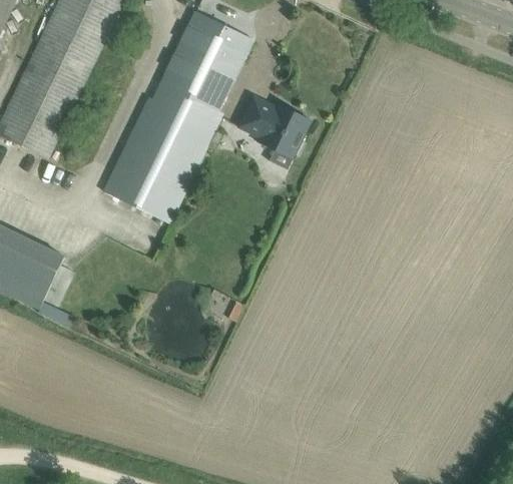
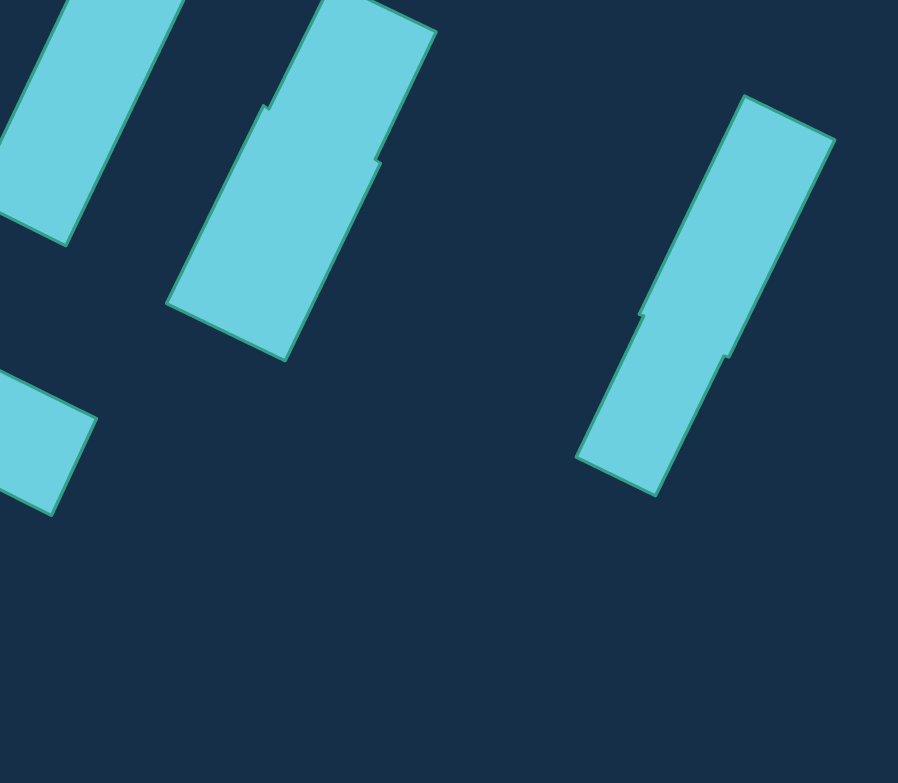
building: none -> [576,96,835,496]
building: [237,96,311,159] -> none

